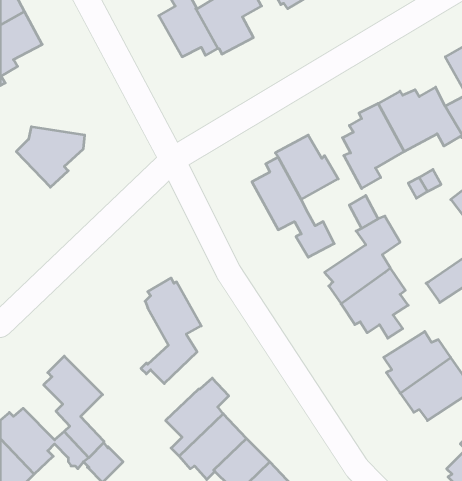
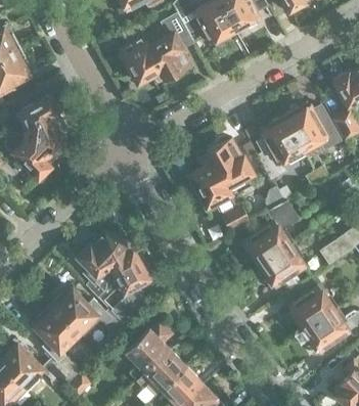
building: none -> [17,95,65,140]
building: none -> [76,233,128,298]
building: none -> [48,289,123,334]

